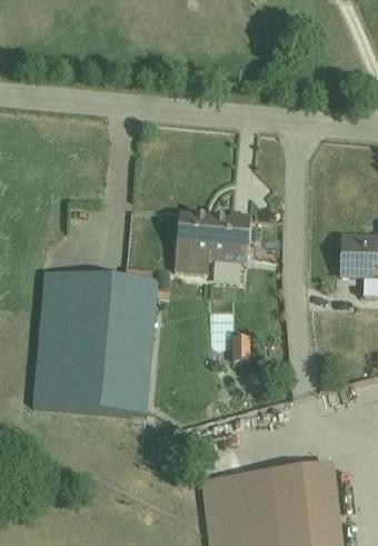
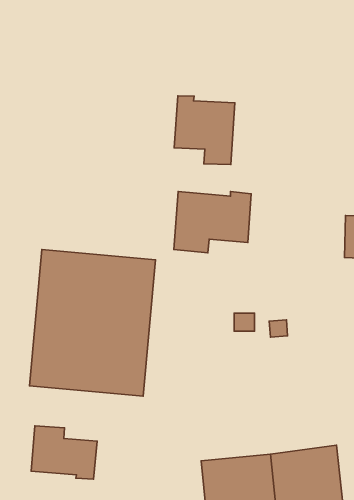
building: none -> [174,96,235,165]
building: none -> [31,426,97,479]

